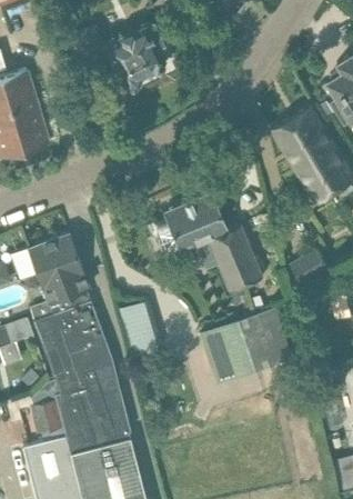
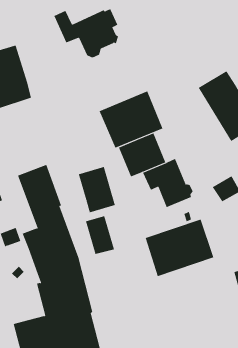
building: none -> [99,91,163,149]
building: none -> [78,166,116,213]
building: [32,400,61,435] -> none

